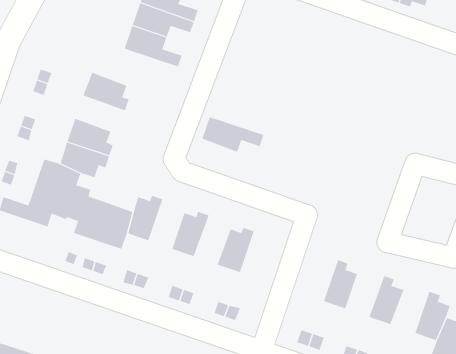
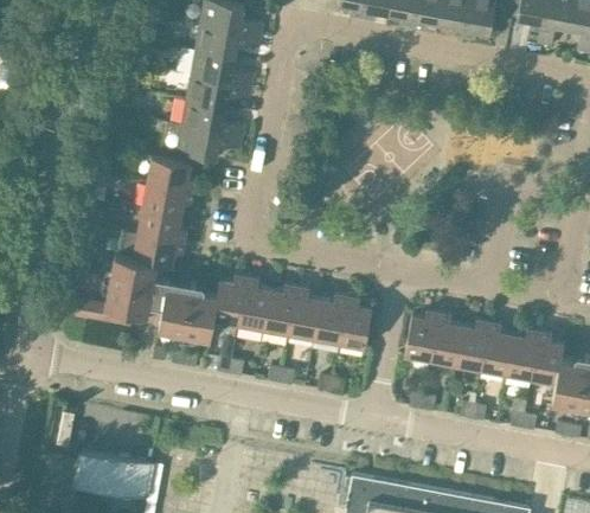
building: none -> [141,181,193,214]
building: [201,116,264,152] -> [177,126,242,159]
building: none -> [238,277,270,328]
building: none -> [288,287,321,338]
building: none -> [339,296,372,347]
building: none -> [404,310,438,359]
building: none -> [455,320,489,368]
building: none -> [505,329,539,378]

